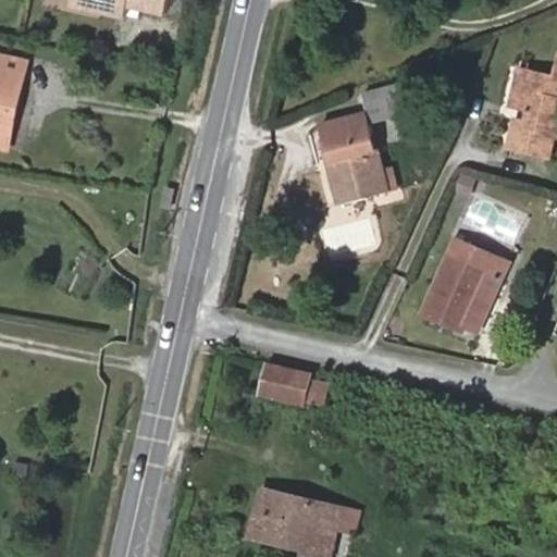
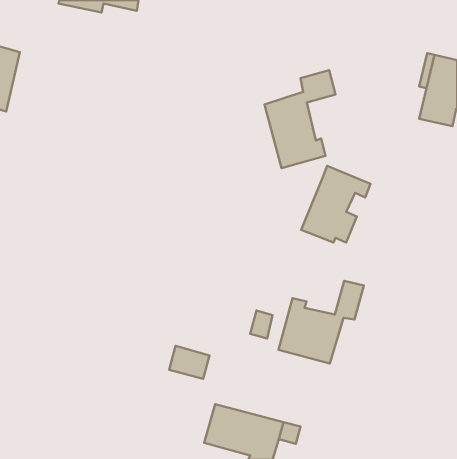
building: [425,234,509,326] -> [301,166,370,242]
building: none -> [278,281,364,363]
building: [261,364,310,405] -> [169,346,210,379]

